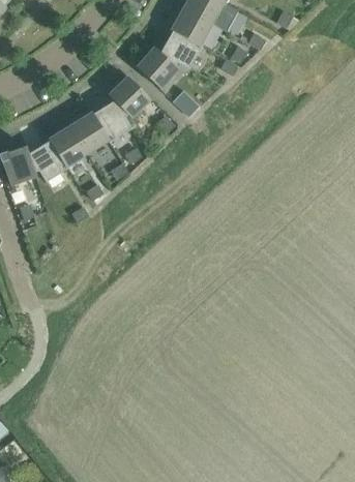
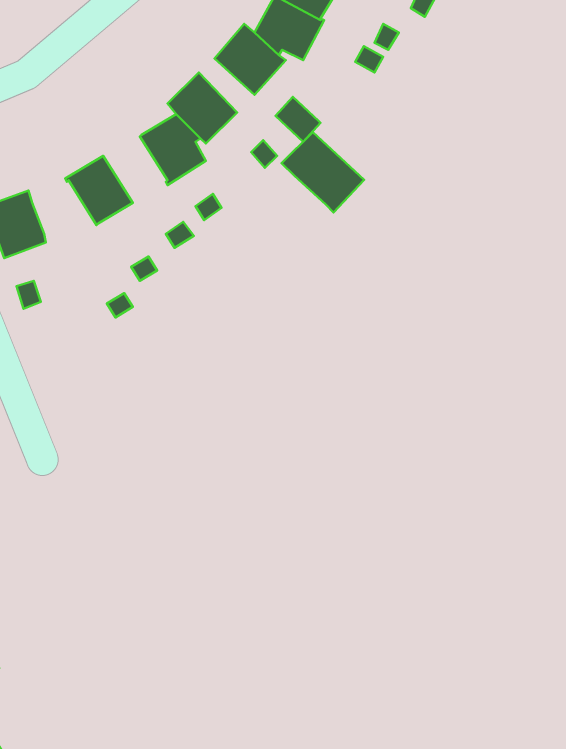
building: none -> [282,132,364,213]
building: [70,112,109,153] -> none
building: [28,140,68,182] -> none

